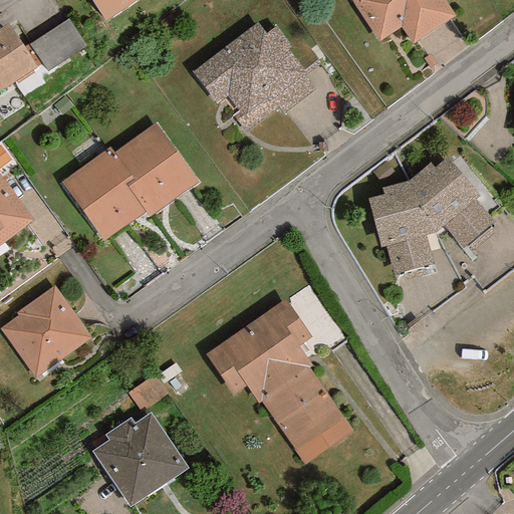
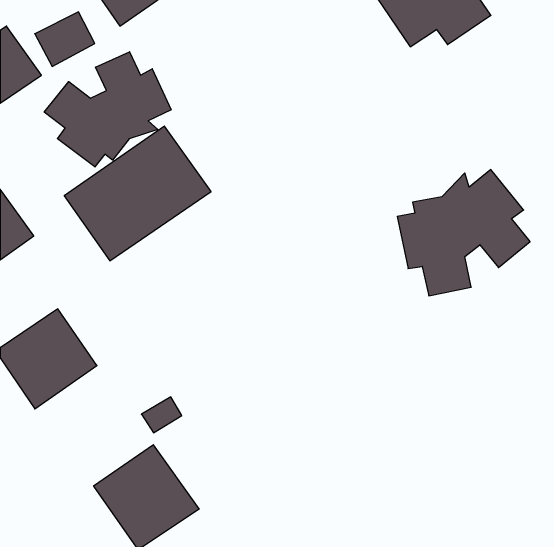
building: [193,25,322,127] -> none
building: none -> [44,52,171,167]
building: [206,301,353,464] -> none

